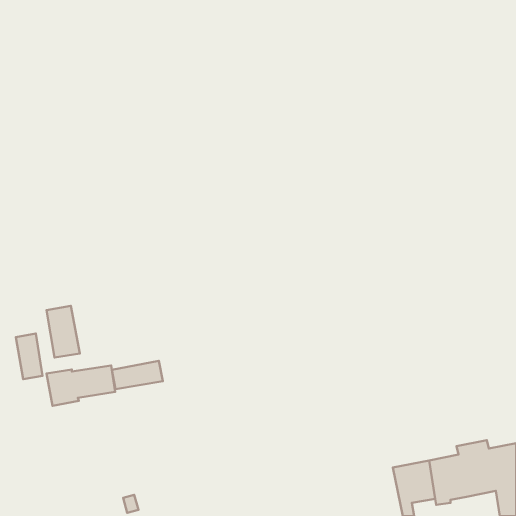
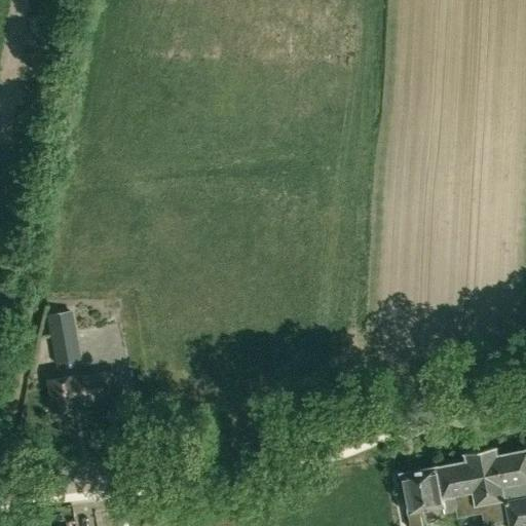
building: [16,333,42,379] -> none
building: [112,361,163,389] -> none

